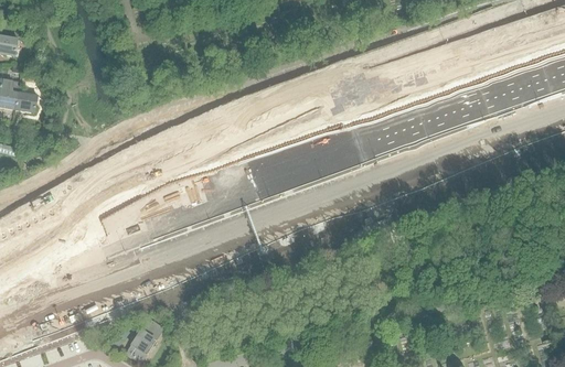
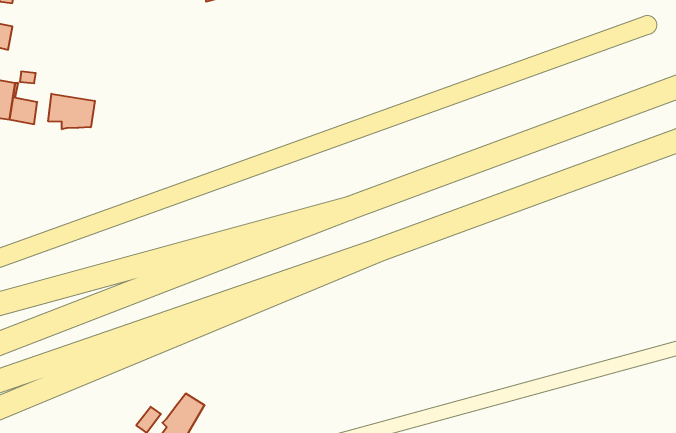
building: none -> [48,94,95,129]

